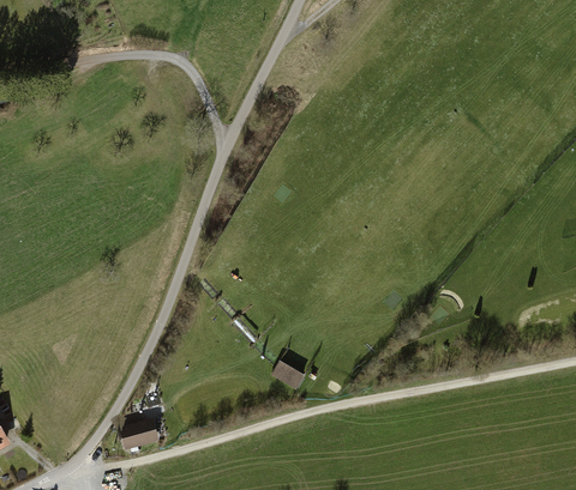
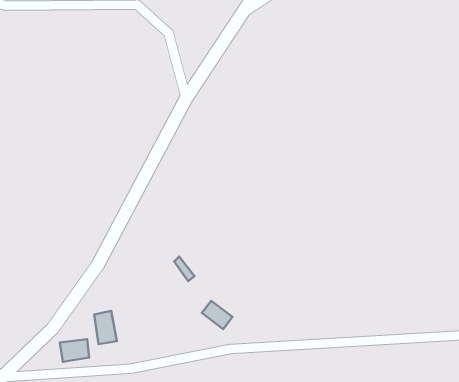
building: none -> [94,311,117,344]

